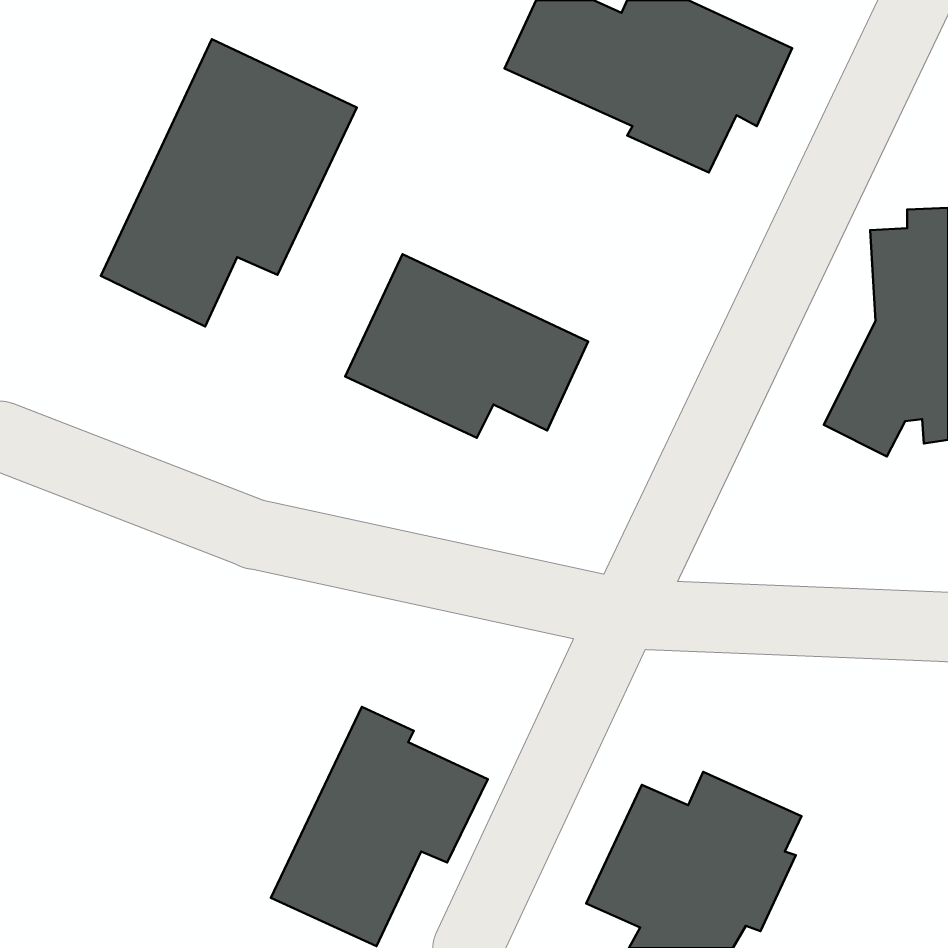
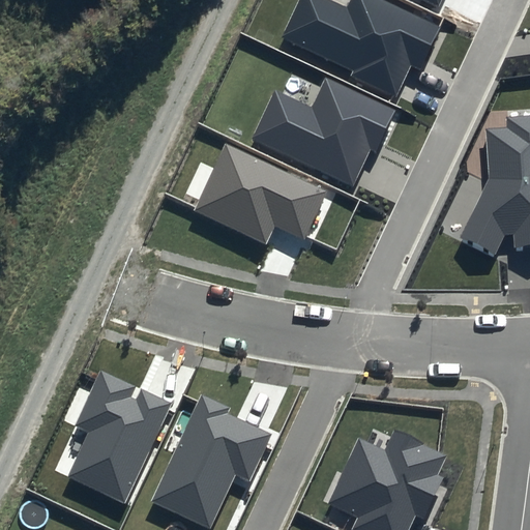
building: [101,39,357,326] -> none
building: none -> [251,77,398,186]
building: none -> [67,371,172,504]

